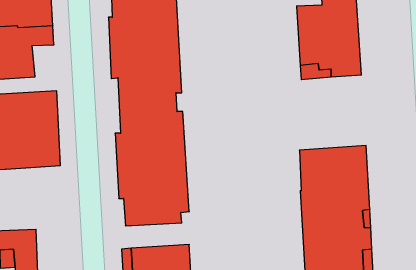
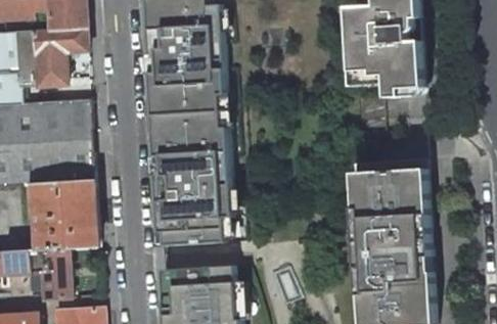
building: none -> [31,180,96,250]

